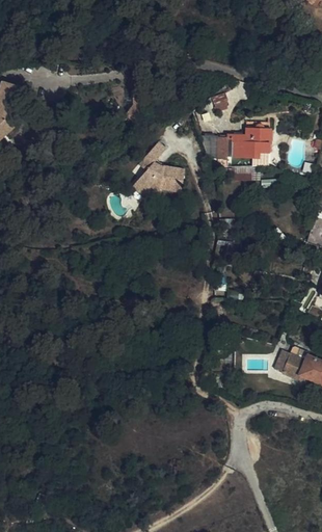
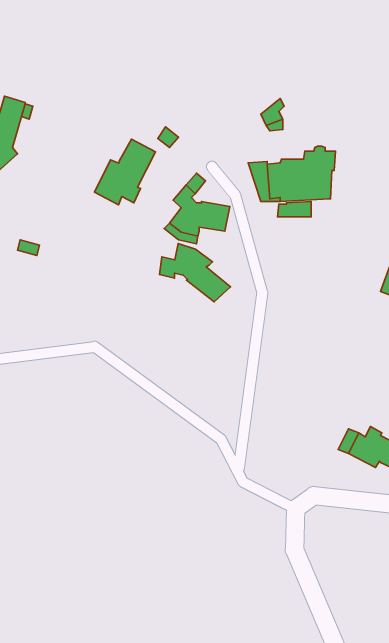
building: none -> [94,139,155,205]
building: none -> [160,243,231,302]

